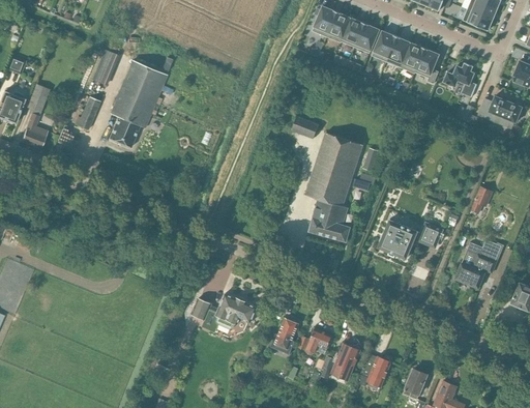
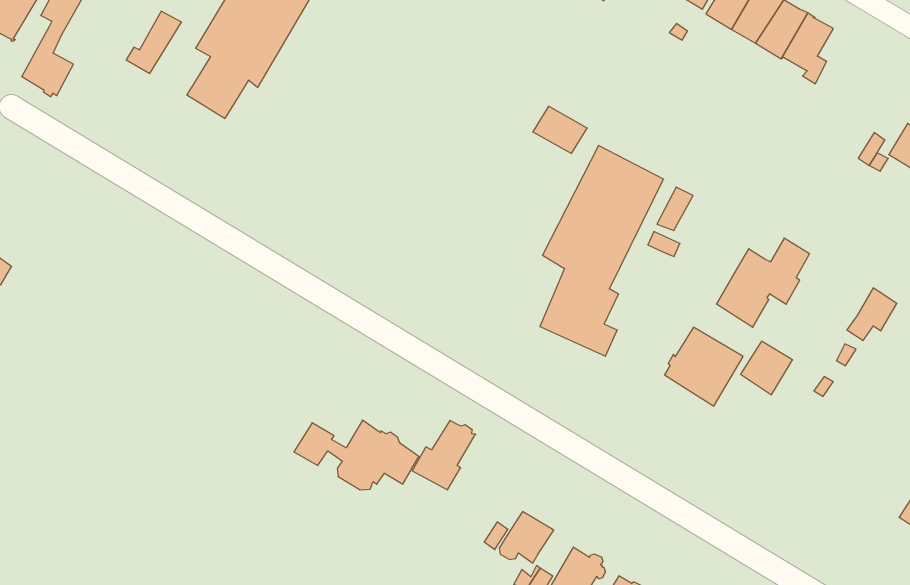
building: [443,62,476,97] -> none
building: [455,240,500,289] -> [716,238,810,327]
building: [269,318,299,354] -> [412,420,476,490]

